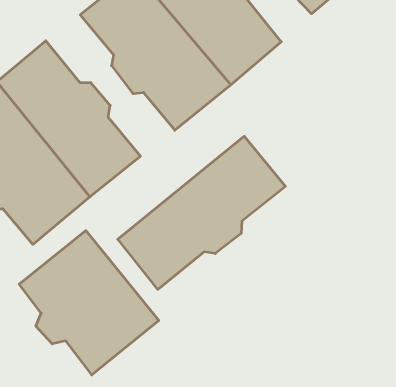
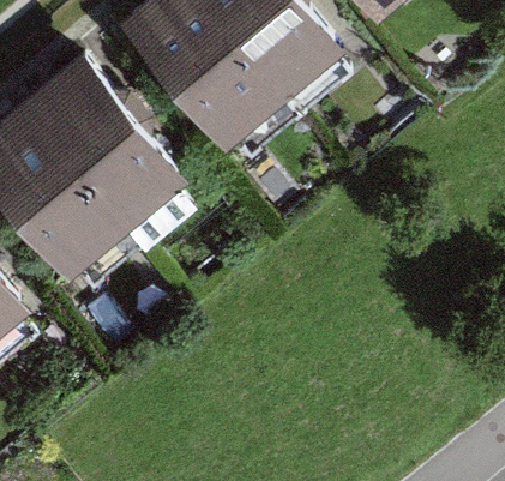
building: [118,136,285,289] -> none
building: [19,231,159,375] -> none

